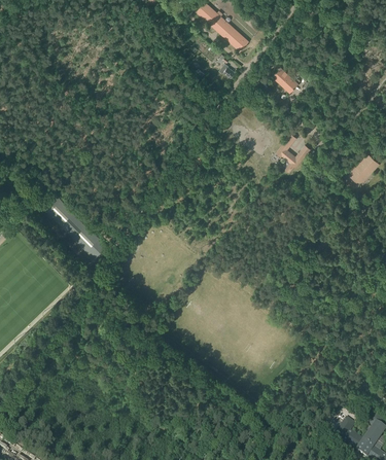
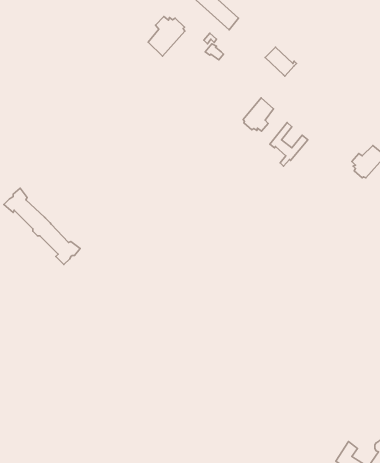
building: none -> [148,16,185,56]
building: none -> [243,98,274,131]

